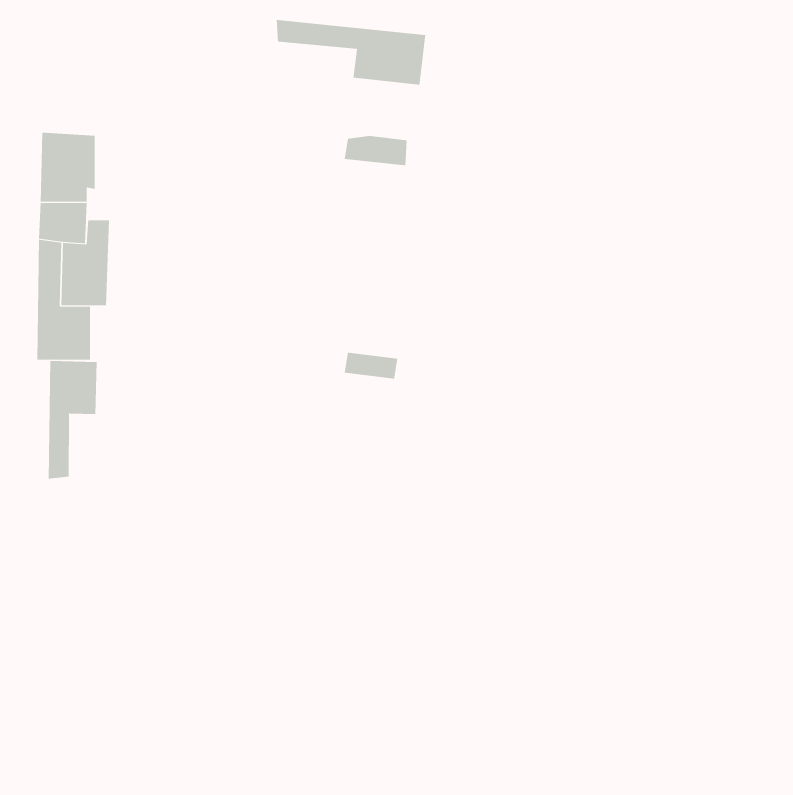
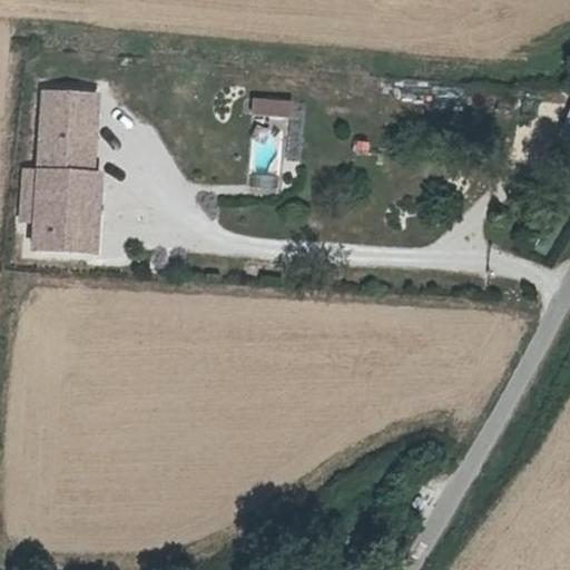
building: [276,19,426,86] -> none
building: [48,360,97,480] -> none

